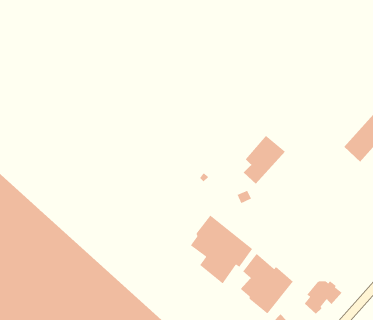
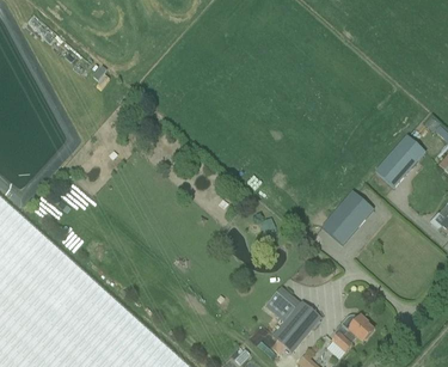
building: [243,135,286,185] -> [327,190,374,244]
building: [190,215,253,285] -> none

